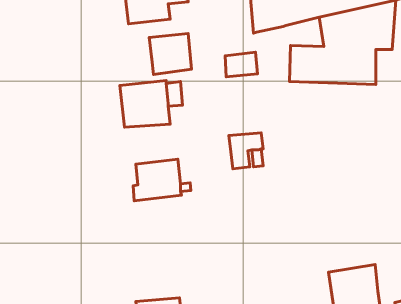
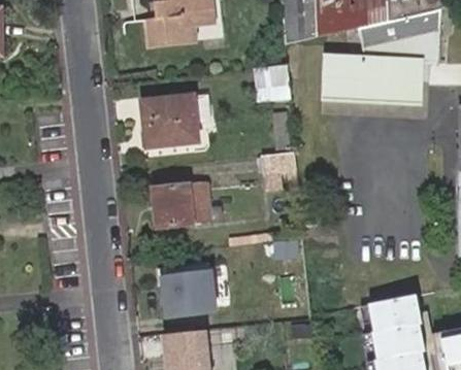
building: [149,34,191,75] -> none
building: none -> [163,270,216,324]

